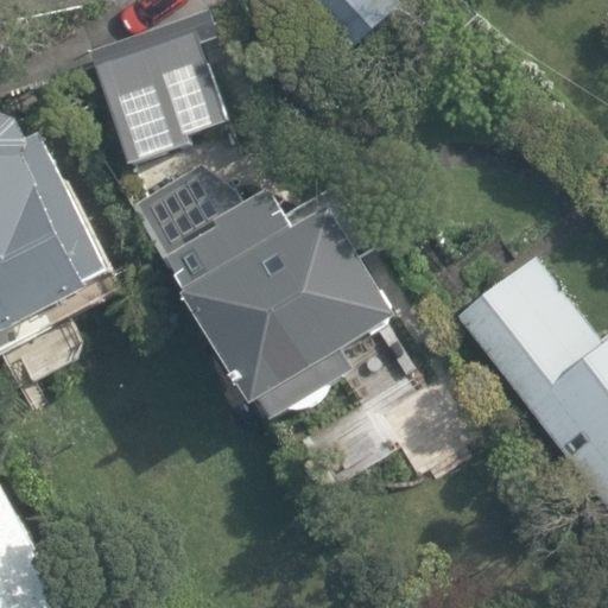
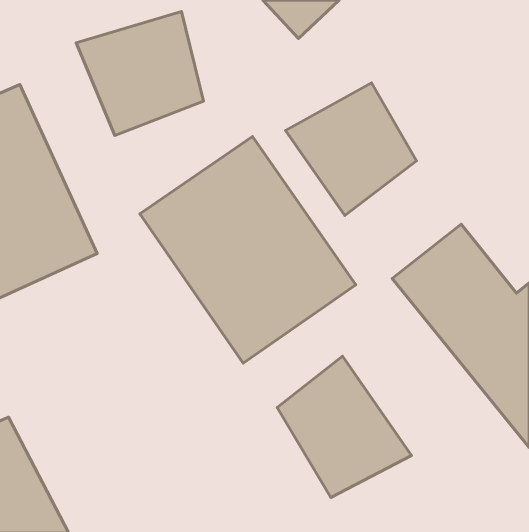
building: none -> [285,83,416,216]
building: none -> [277,356,412,497]

